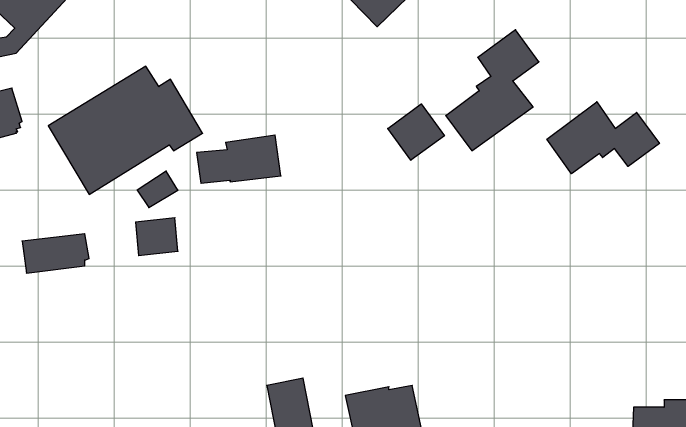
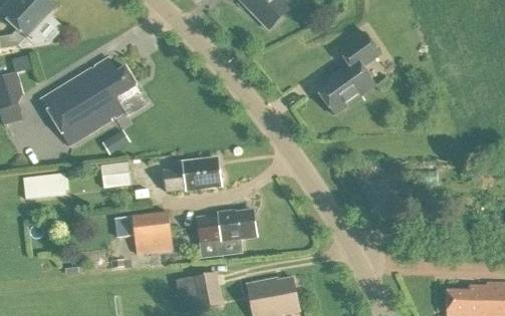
building: [547,102,659,174] -> none
building: [388,104,444,160] -> none
building: [197,135,281,183] -> [162,159,220,192]
building: none -> [197,210,257,256]
building: none -> [115,212,173,255]

